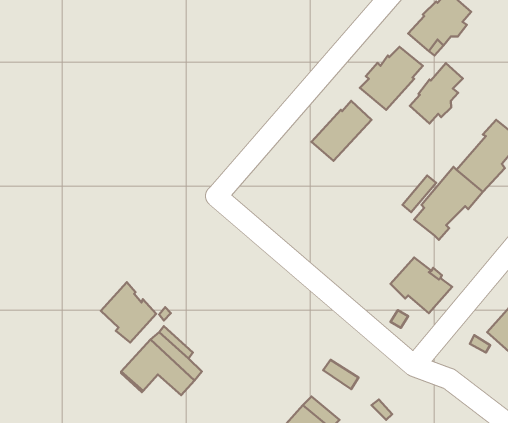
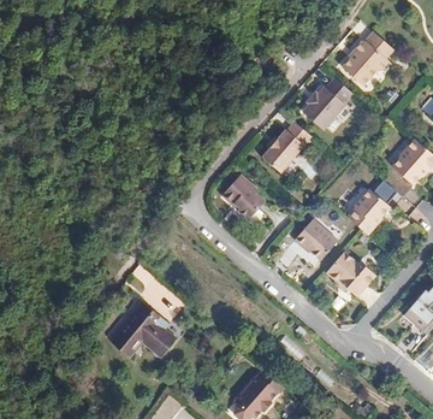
building: [410,63,463,123] -> none
building: none -> [224,172,268,217]
building: none -> [297,217,339,256]
building: [101,282,156,342] -> none

